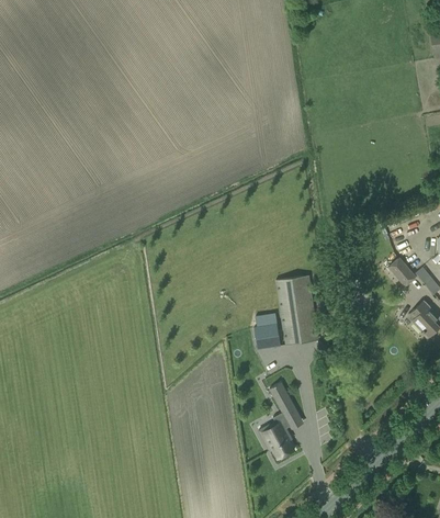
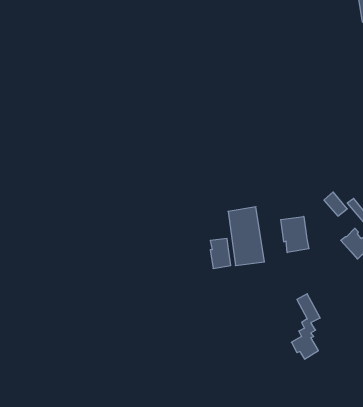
building: none -> [281,216,309,253]
building: [262,381,296,458] -> [291,294,320,359]

